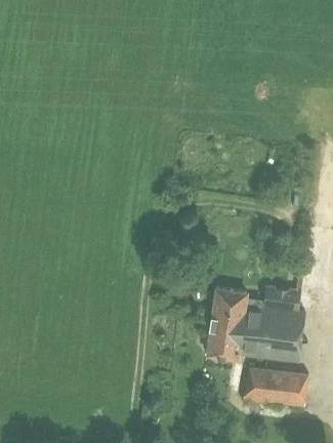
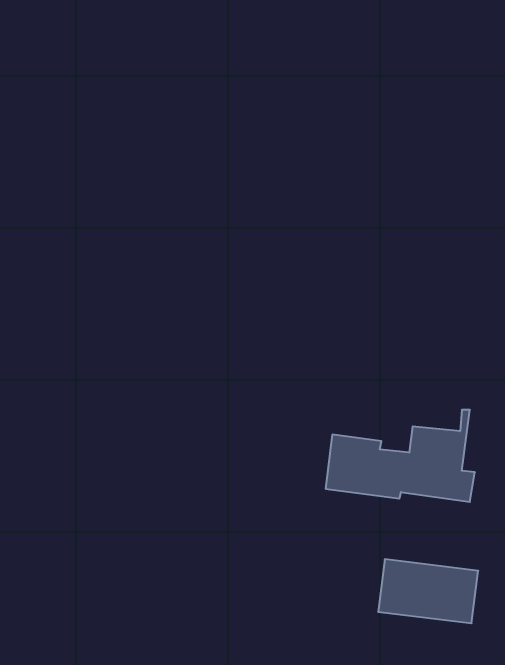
building: [208,320,302,360] -> none

